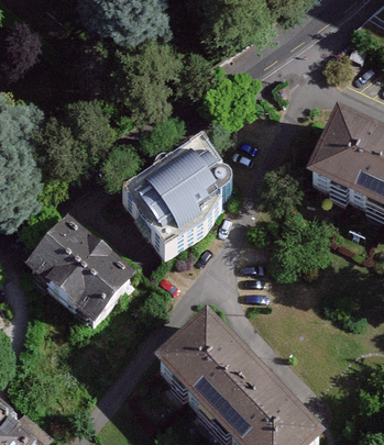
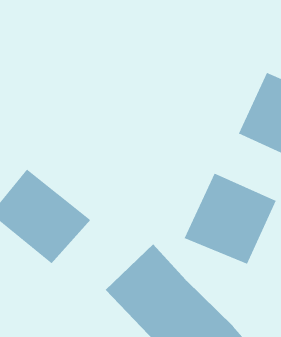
building: [121,140,233,258] -> none
building: none -> [184,172,277,265]

